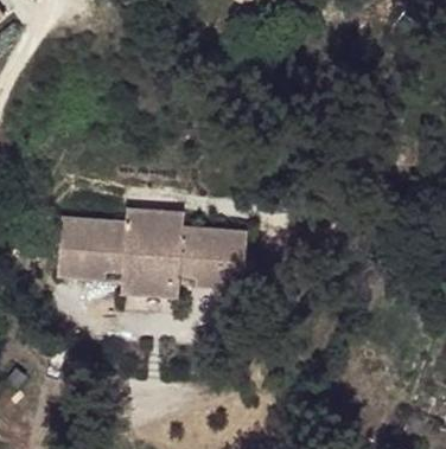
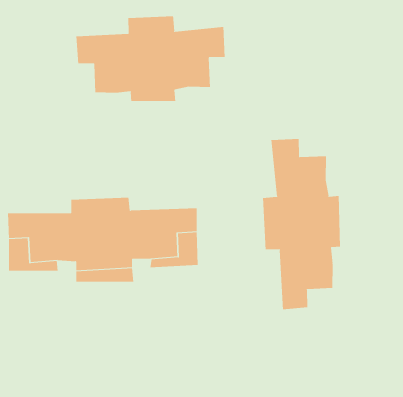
building: none -> [76,16,225,102]
building: none -> [263,138,340,310]

